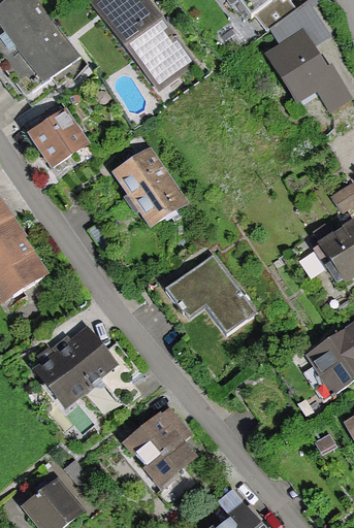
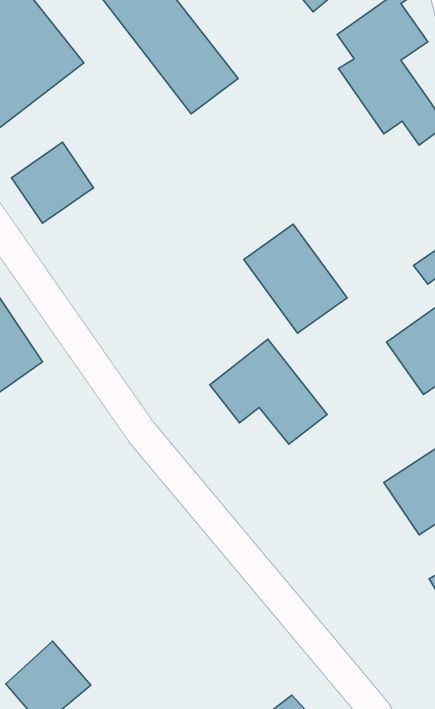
building: [111,146,187,226] -> [244,224,347,333]
building: [39,327,119,405] -> none
building: [131,412,198,482] -> none

